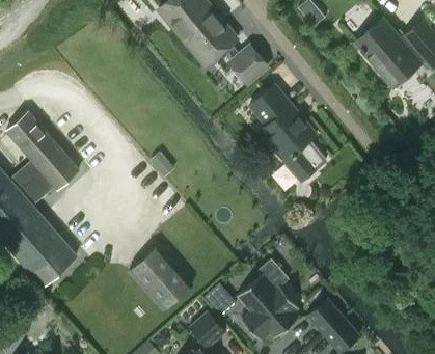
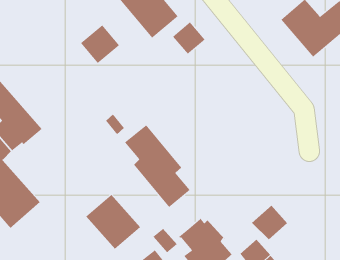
building: none -> [80,25,120,64]
building: [248,85,325,182] -> [124,125,190,208]
building: none -> [251,205,288,240]

